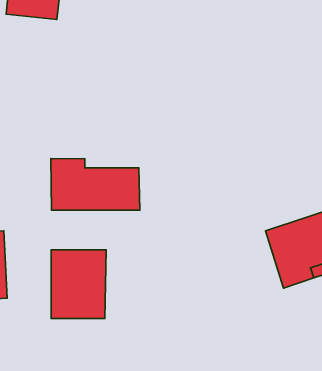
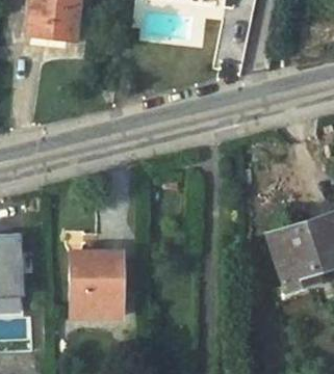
building: [51,159,140,210] -> none

